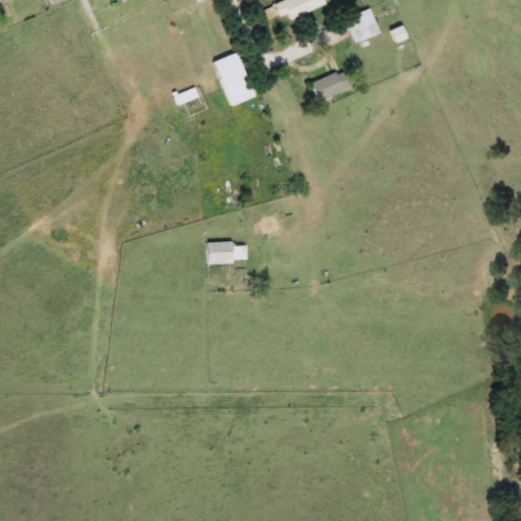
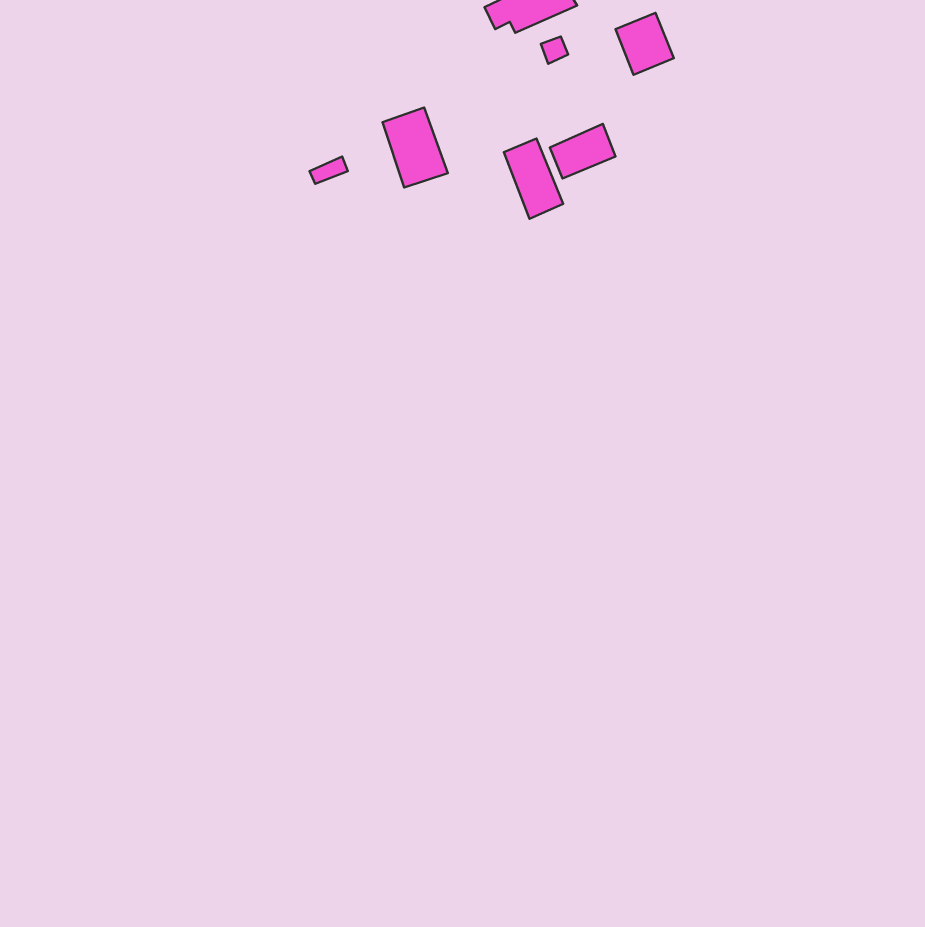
building: none -> [504,139,563,219]
building: [207,241,246,262] -> none

